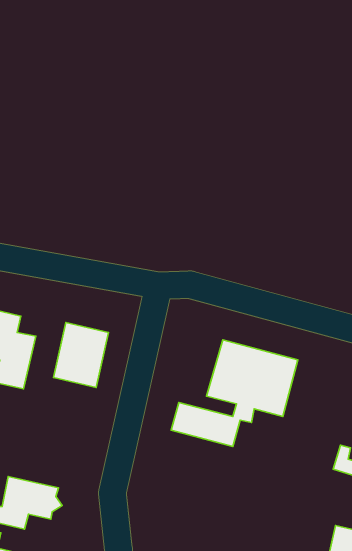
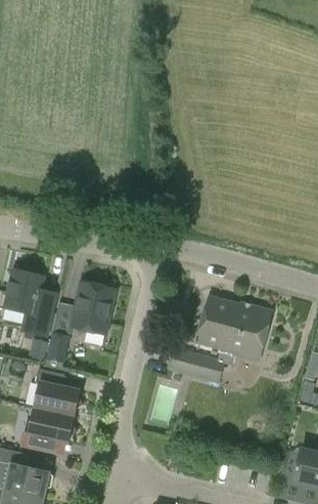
building: none -> [45,333,69,369]
building: none -> [34,369,83,417]

